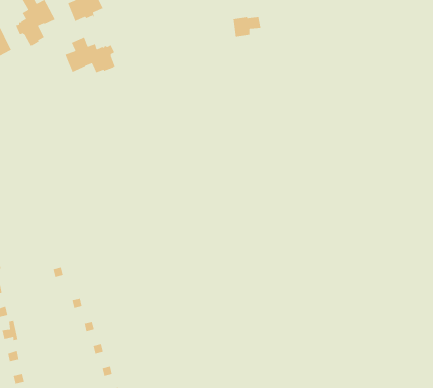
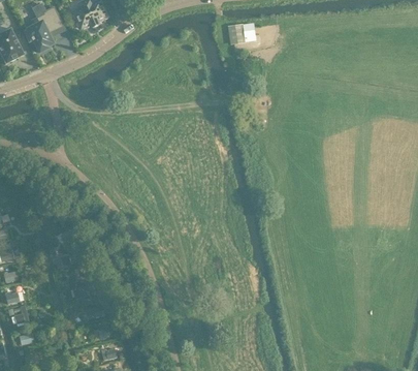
building: [64,37,116,74] -> none

